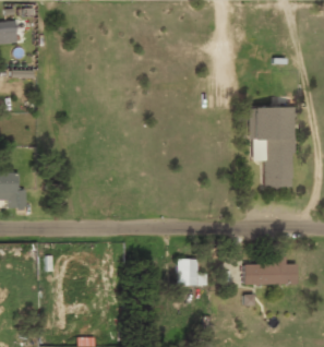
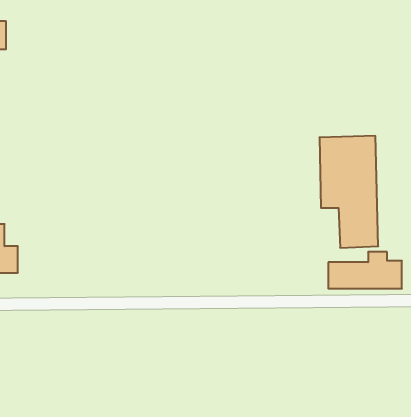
building: [242,258,297,285] -> [328,252,402,289]
building: [179,260,196,284] -> none

